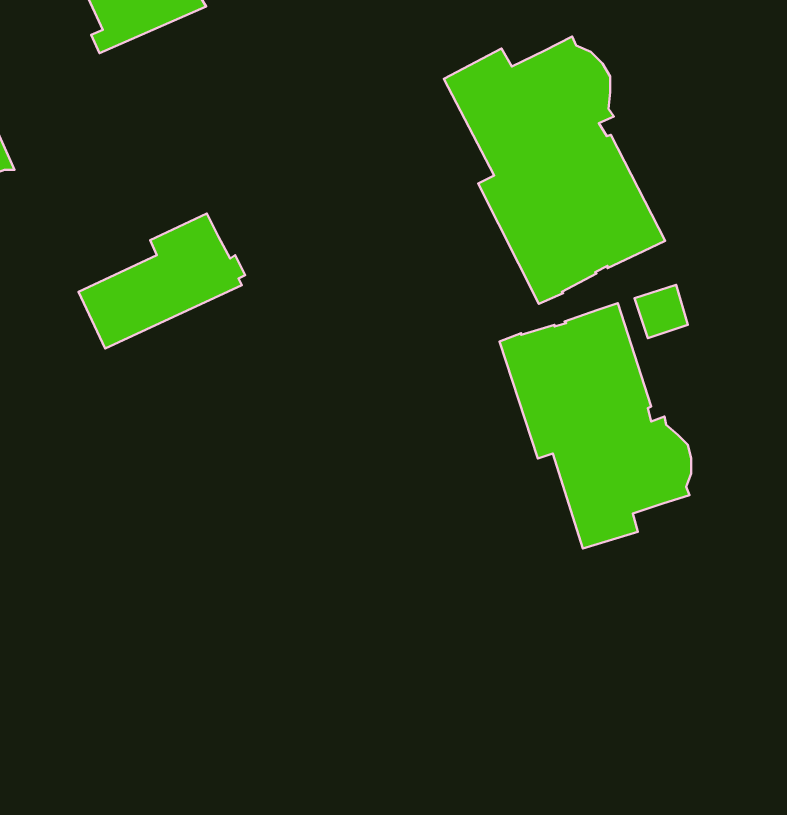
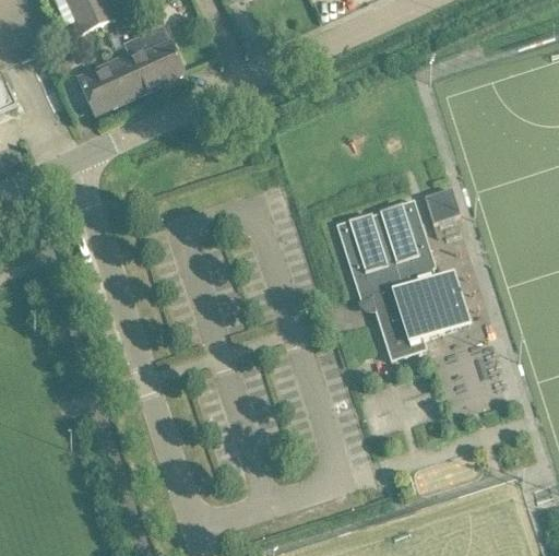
building: [444,36,665,304] -> none
building: [79,213,245,349] -> [78,25,187,114]

